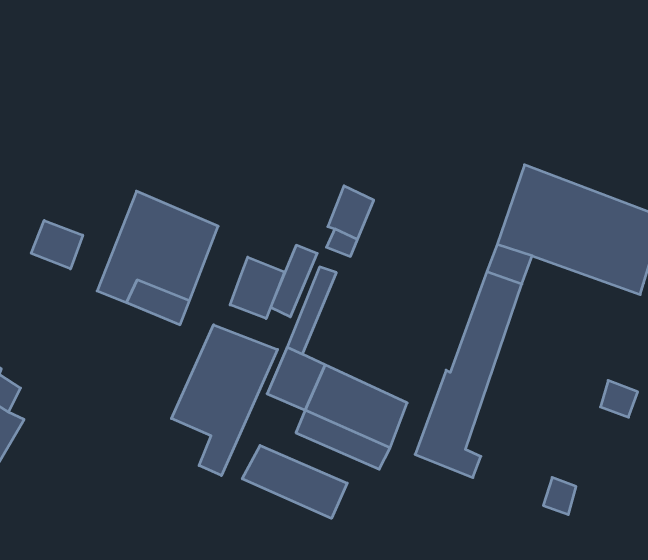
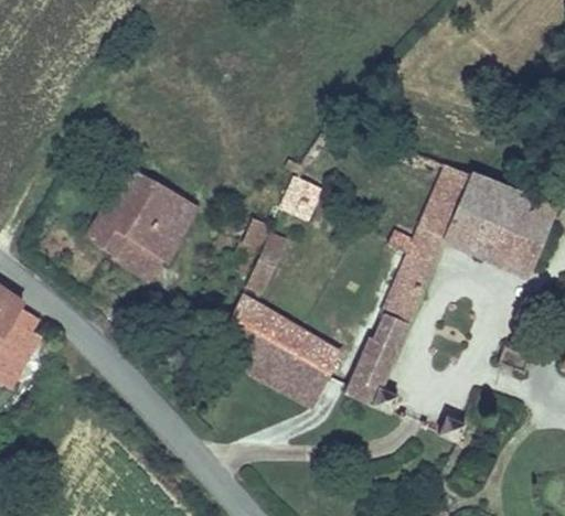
building: [31,220,83,269] -> none
building: [230,257,285,319] -> none
building: [171,325,278,476] -> none
building: [242,445,347,518] -> none

